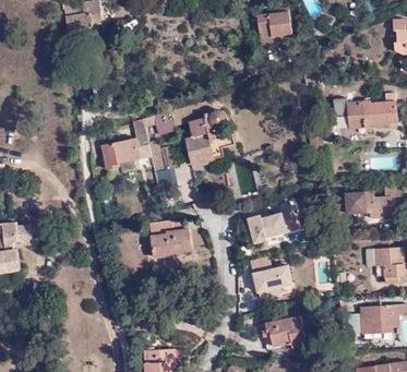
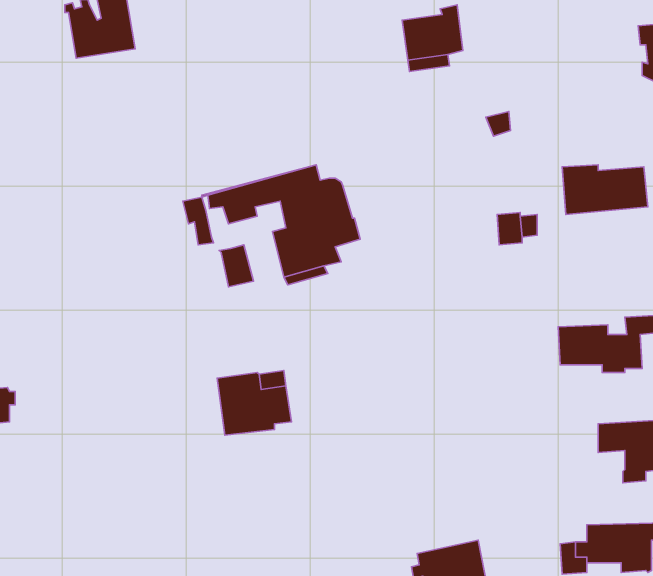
building: [101,137,140,167] -> none
building: [250,212,295,241] -> none
building: [254,264,292,300] -> none

